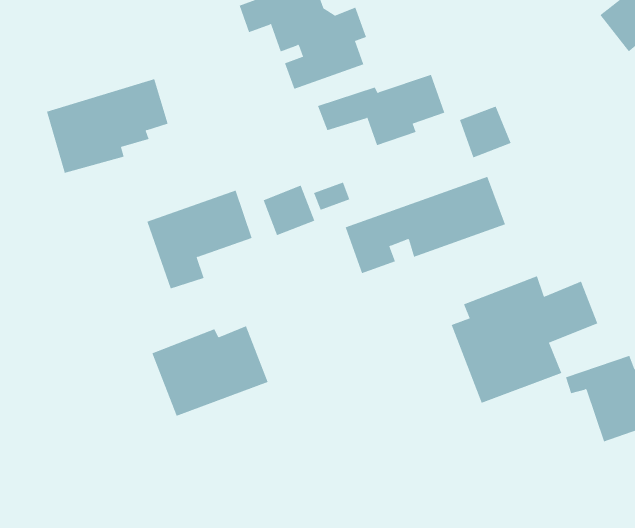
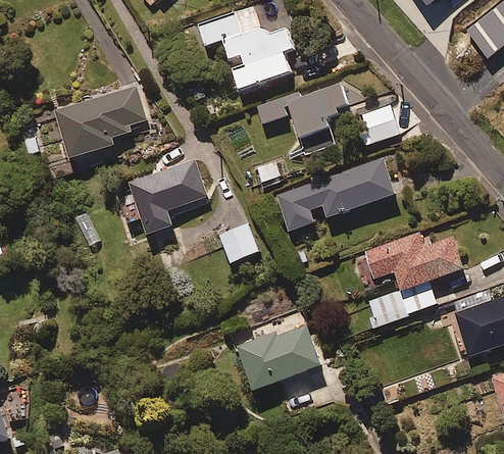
building: [263,185,315,236] -> [219,222,258,260]
building: [151,326,268,417] -> [236,322,322,390]

